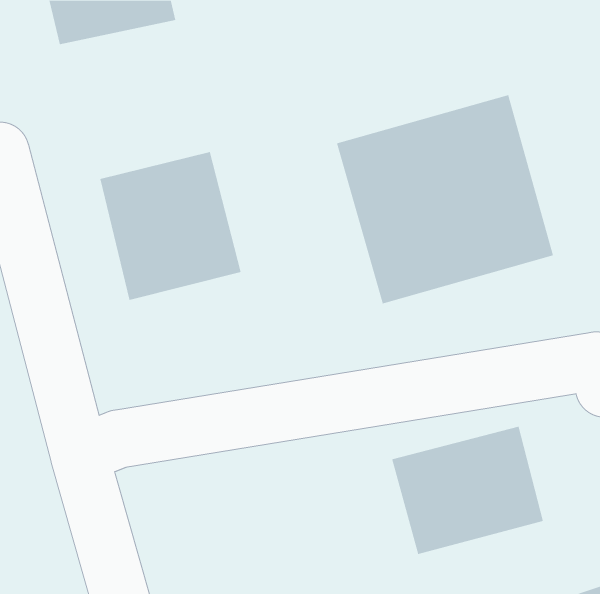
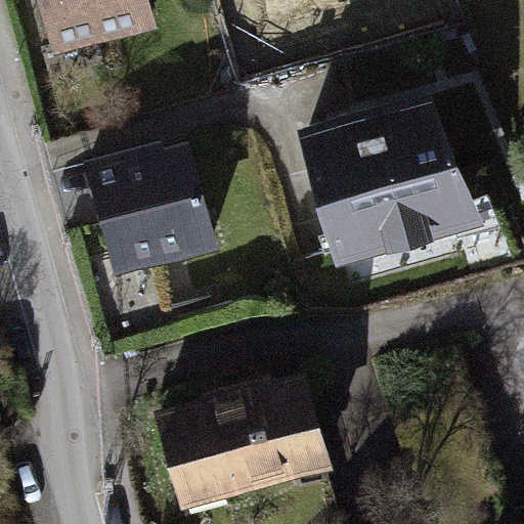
building: none -> [157,374,335,513]
building: [391,426,543,555] -> none

